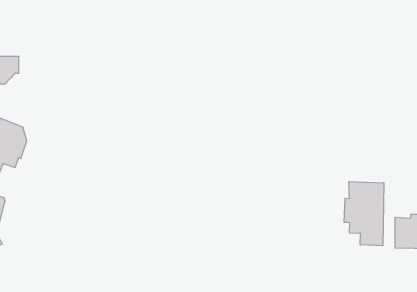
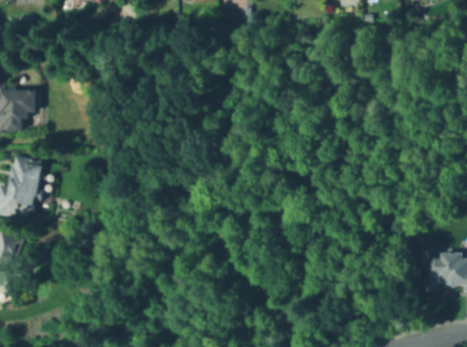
building: [344,182,384,246] -> none

